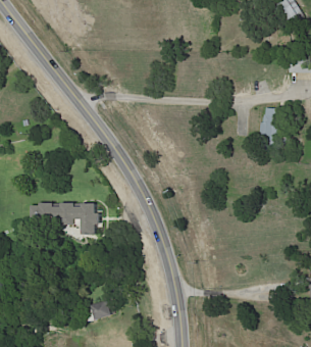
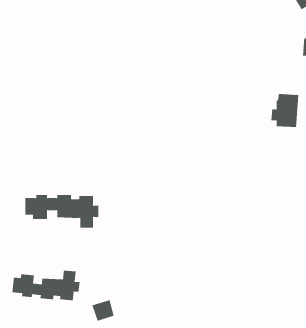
building: none -> [12,270,80,301]

